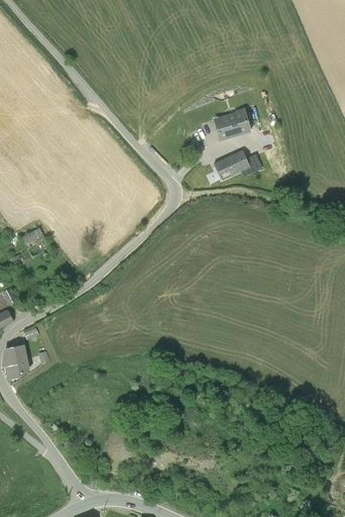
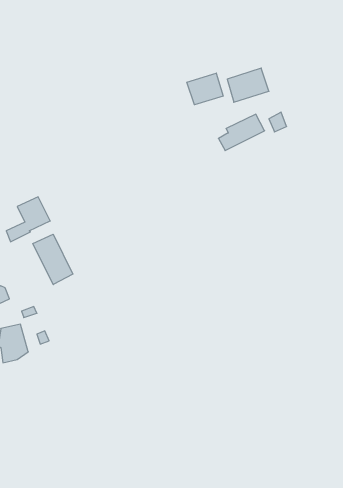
building: none -> [187,73,223,105]
building: none -> [33,234,73,285]

